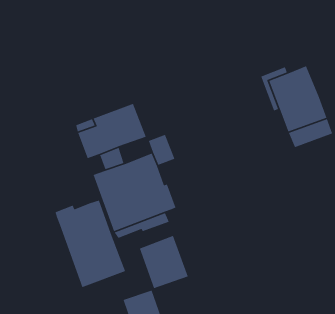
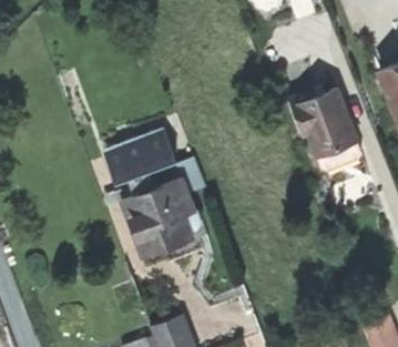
building: [54,200,126,288] -> none
building: [139,235,189,289] -> none

